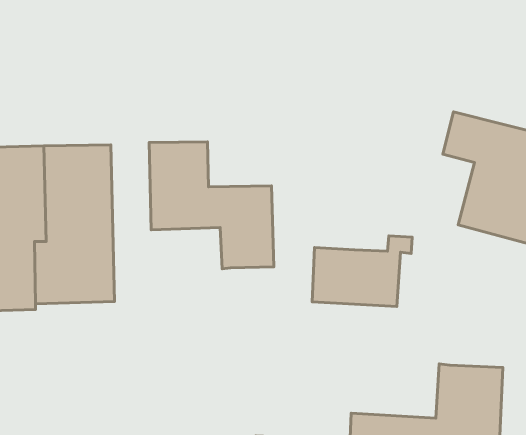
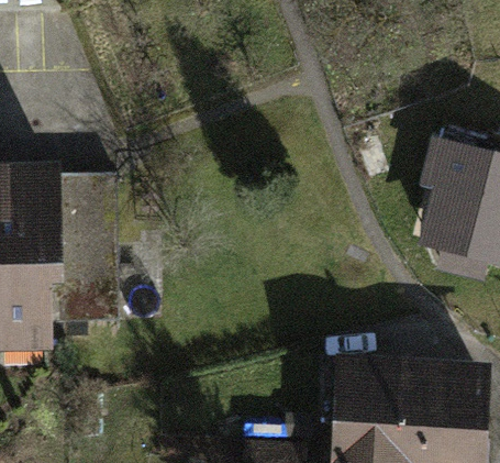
building: [149,142,274,269] -> none
building: [312,236,412,307] -> [336,366,430,432]

